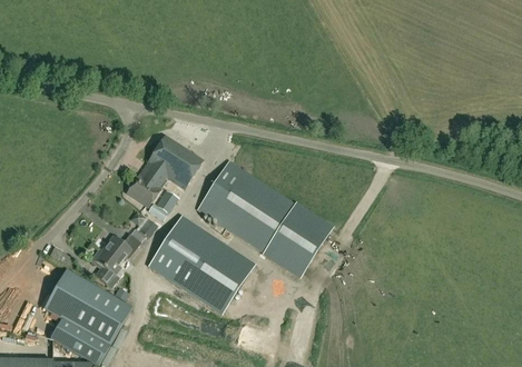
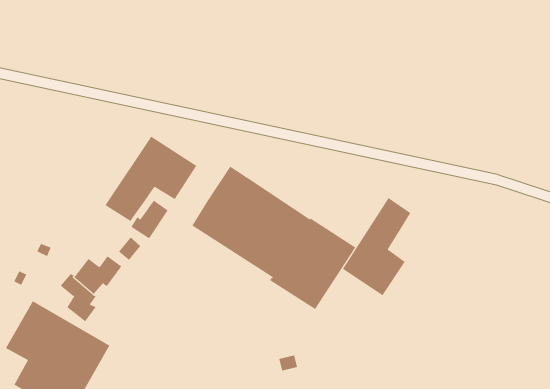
building: none -> [342,197,411,296]
building: [148,216,253,311] -> none

